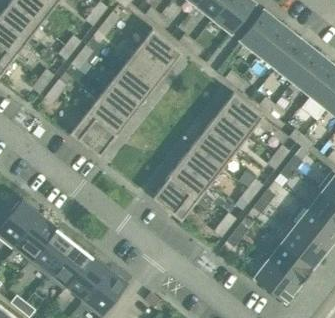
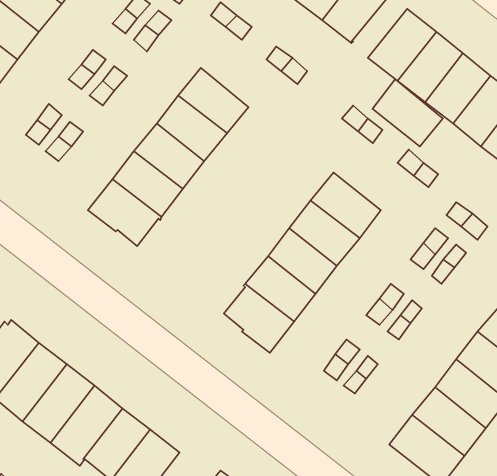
building: [138,29,181,71] -> none
building: [219,93,262,134] -> [372,79,443,146]

